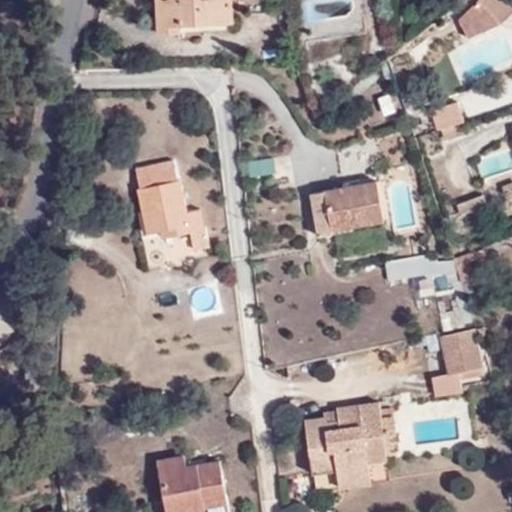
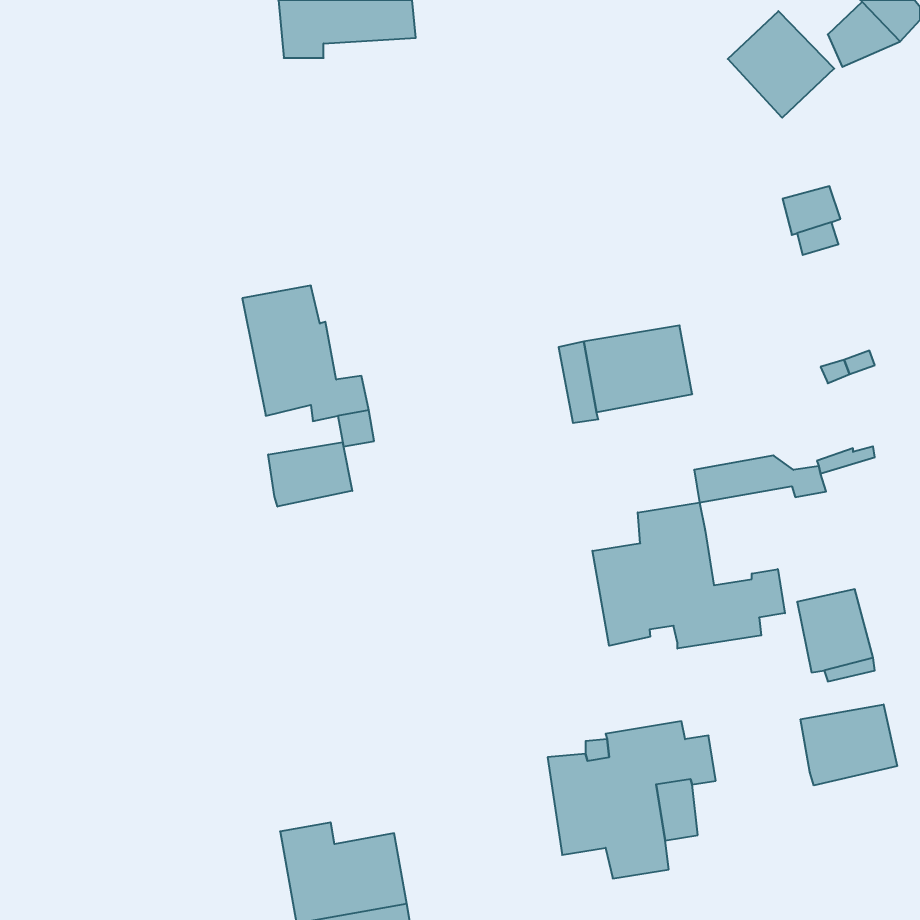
building: none -> [728,11,834,118]
building: none -> [268,442,352,507]
building: none -> [592,502,785,649]
building: none -> [801,704,897,785]

